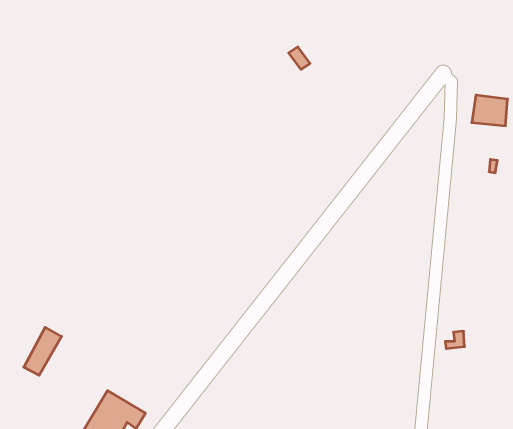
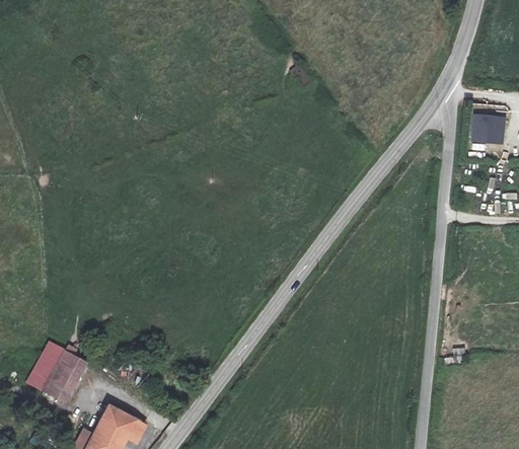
building: none -> [42,351,85,401]

